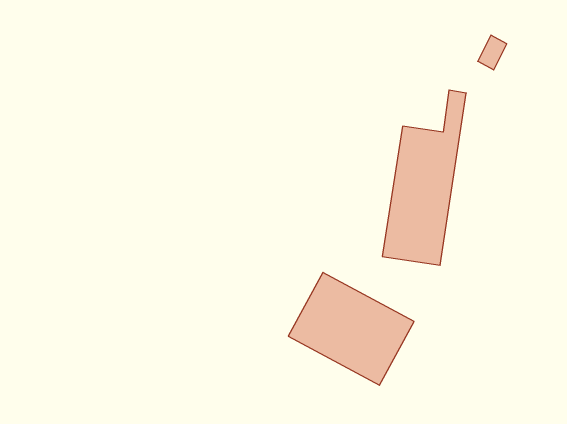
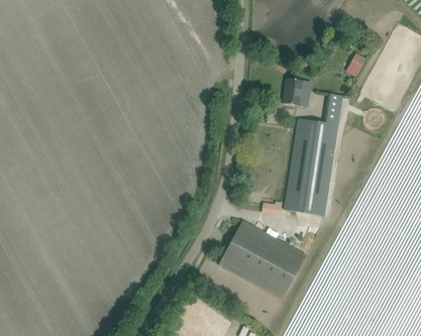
building: none -> [283,78,306,106]

